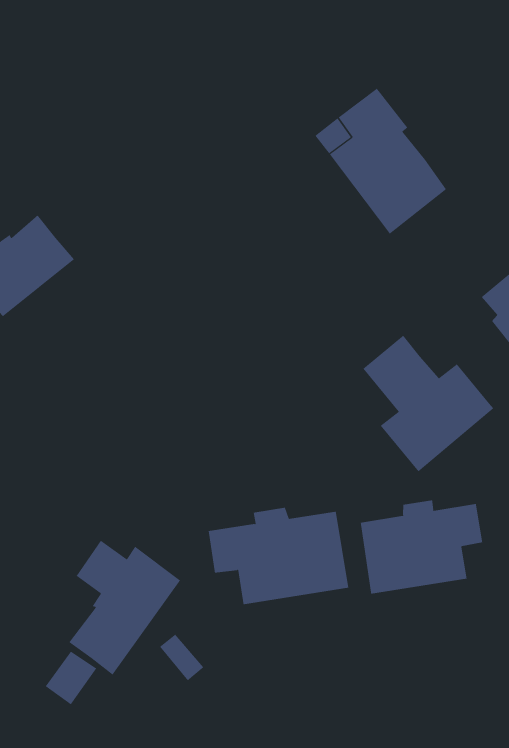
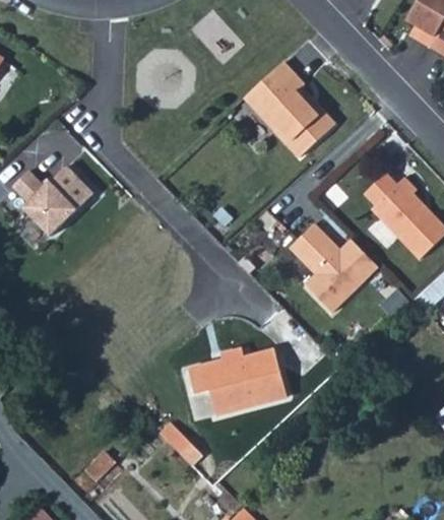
building: [360,500,483,594] -> none
building: [68,540,181,676] -> none

